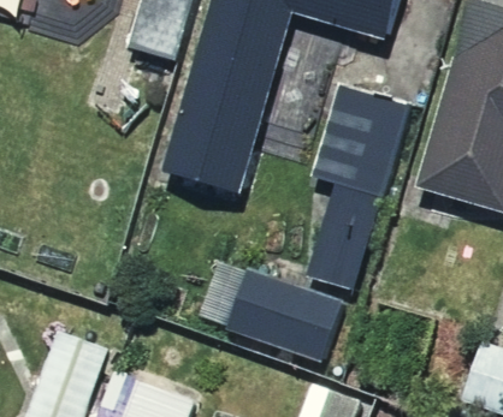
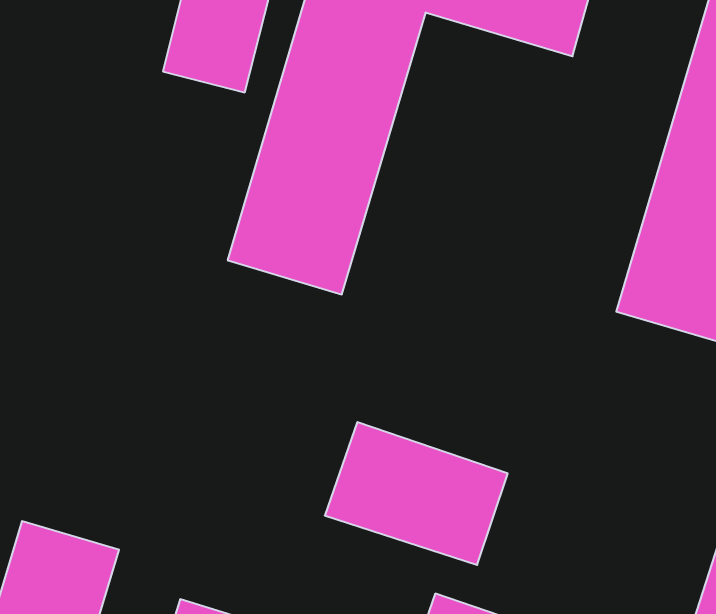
building: [307,82,410,286] -> none

